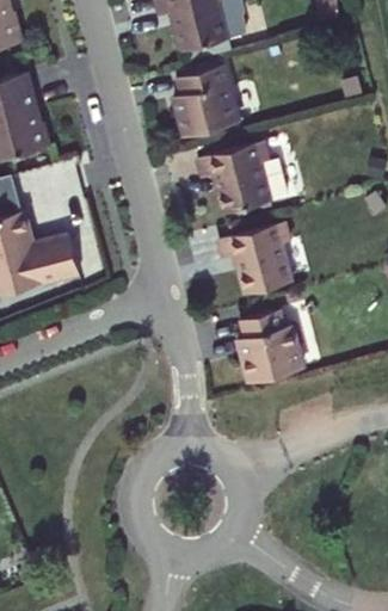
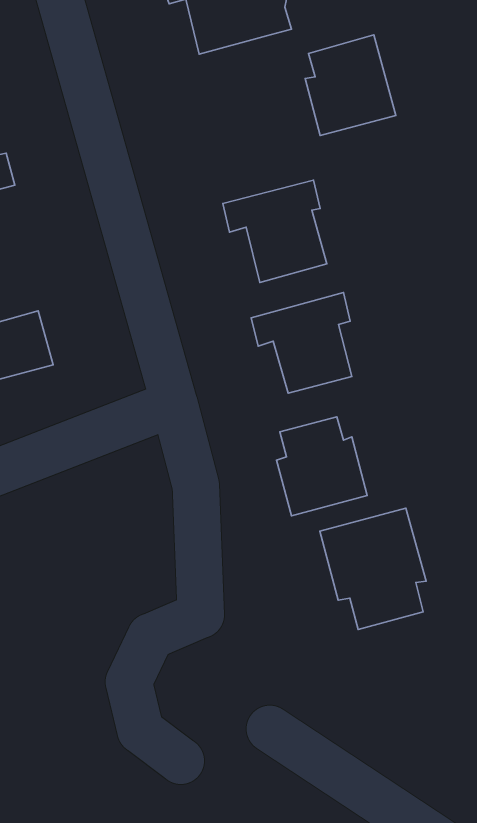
building: [175,66,240,137] -> [305,35,396,136]
building: none -> [320,508,426,629]

